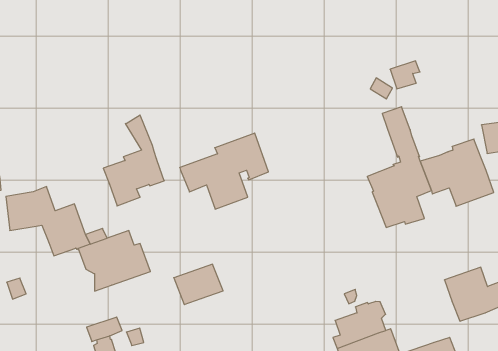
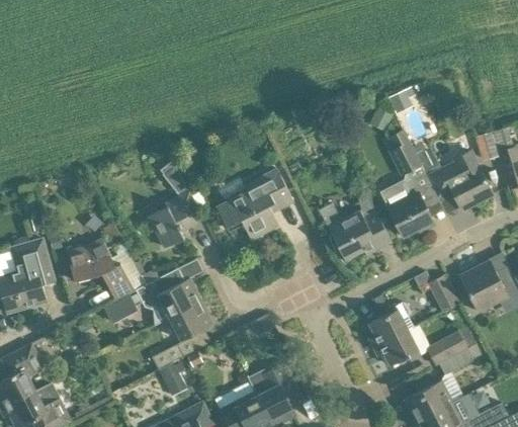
building: none -> [319,203,392,265]
building: none -> [103,293,137,325]
building: [174,264,223,305] -> [169,302,213,340]
building: none -> [428,275,458,312]

